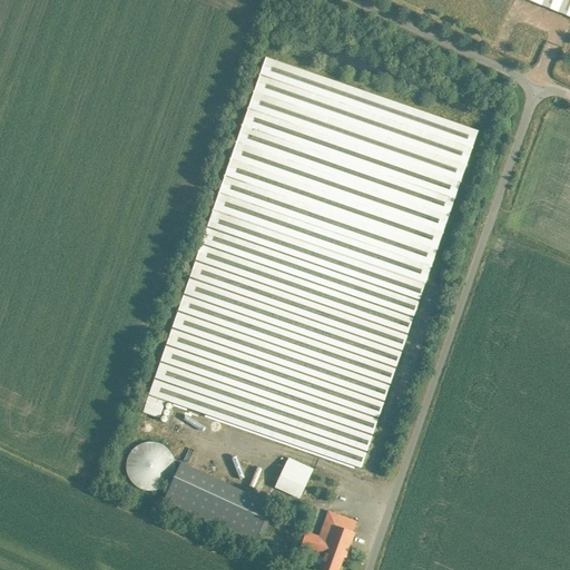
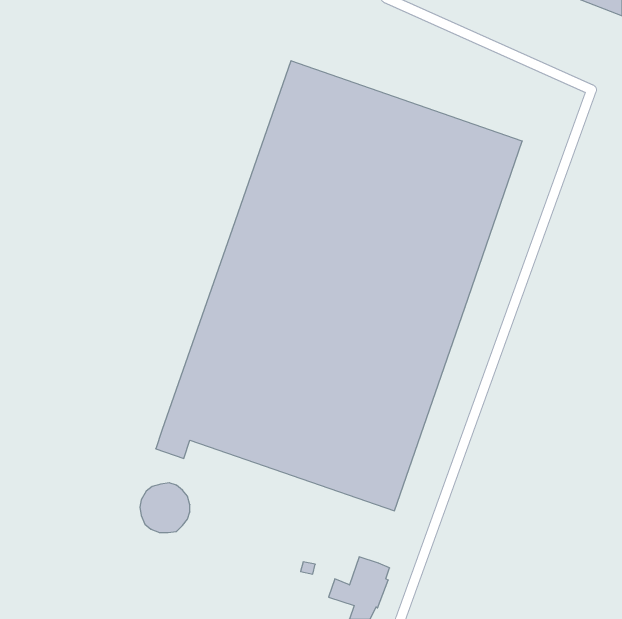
building: [275,456,313,497] -> none
building: [163,460,273,542] -> none

